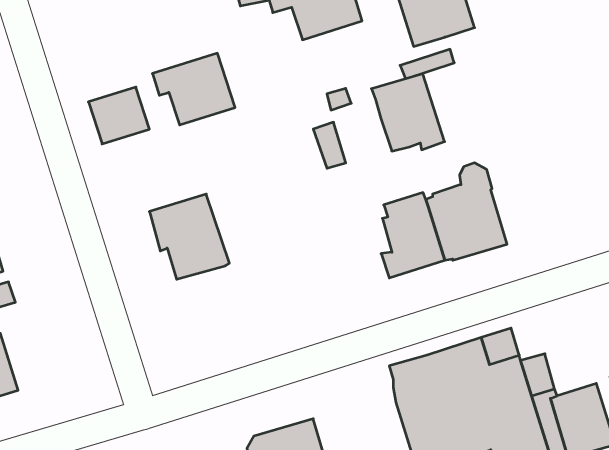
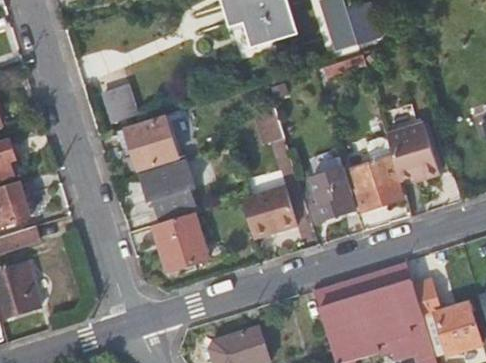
building: [152,53,235,125] -> [118,118,179,171]
building: [371,74,445,151] -> [385,124,439,181]
building: none -> [241,186,298,240]
building: none -> [152,214,210,273]

